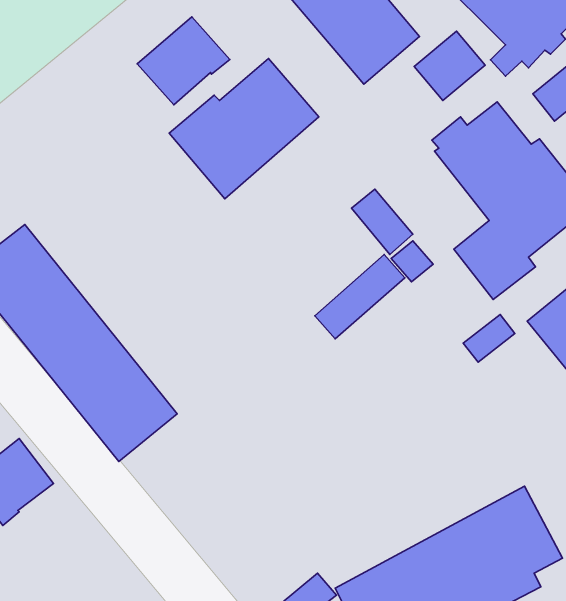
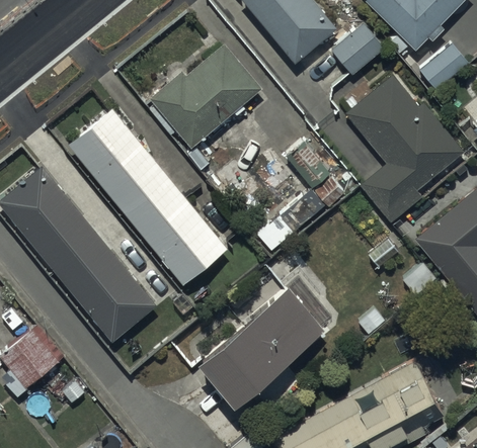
building: [137,17,230,105] -> none
building: none -> [69,110,228,285]
building: none -> [200,289,323,405]

